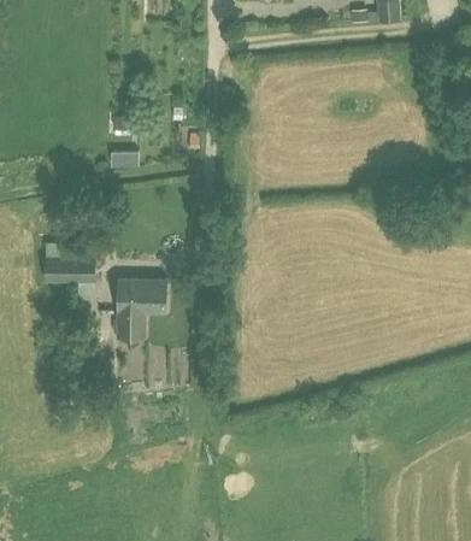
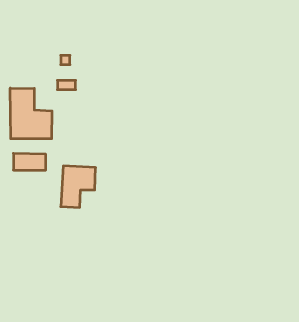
building: none -> [10,88,52,139]

